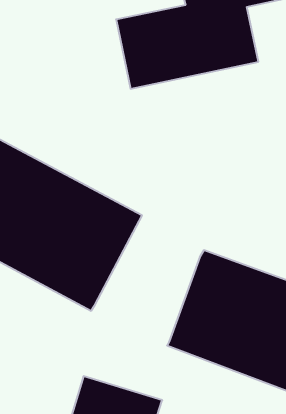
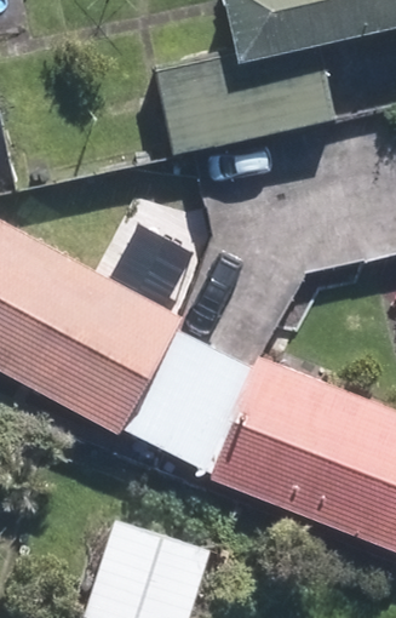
building: none -> [121,325,253,470]

